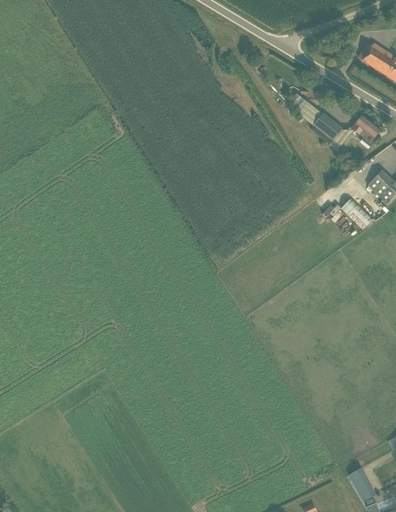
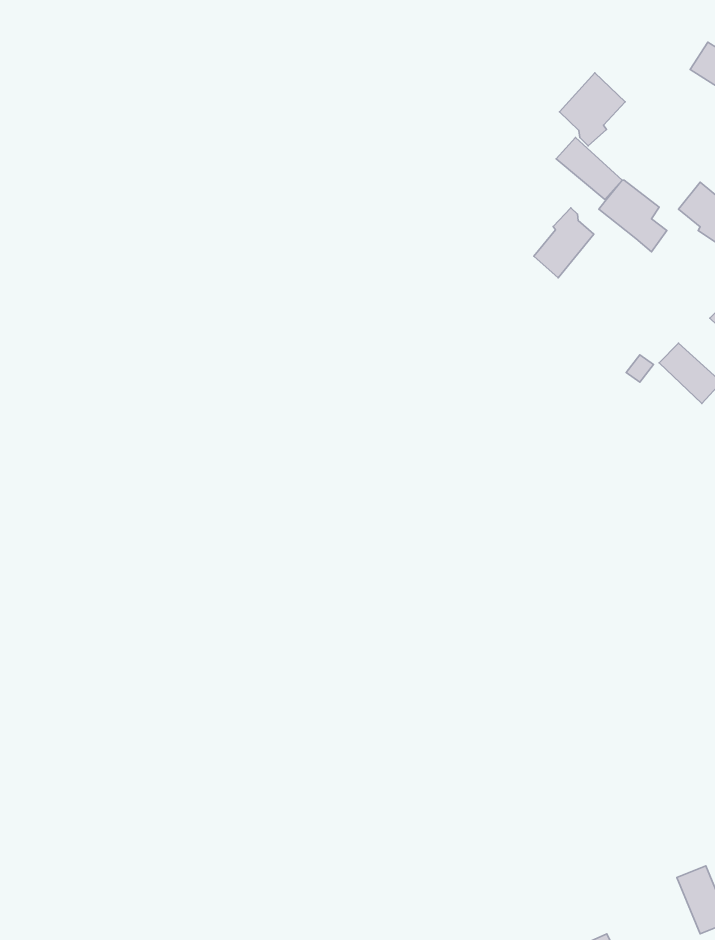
building: none -> [559,73,625,146]
building: none -> [534,208,594,278]

